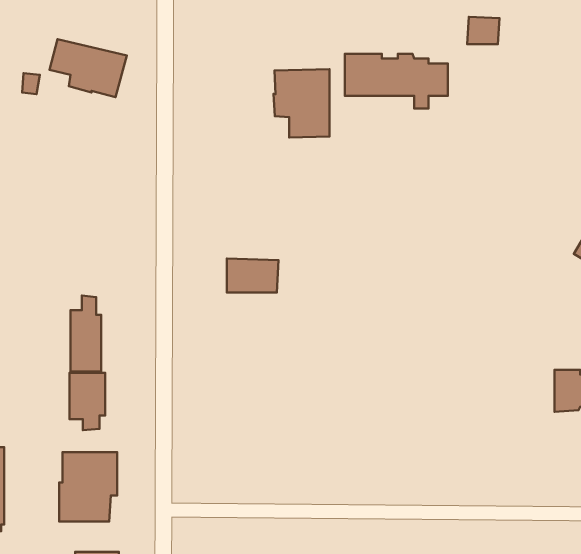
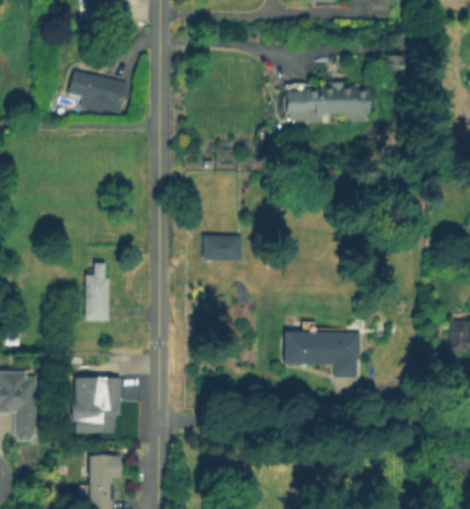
building: [273,69,329,137] -> none
building: none -> [283,315,360,378]
building: [70,373,105,430] -> none

